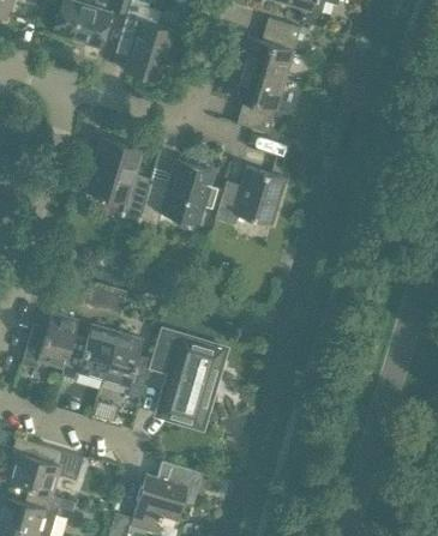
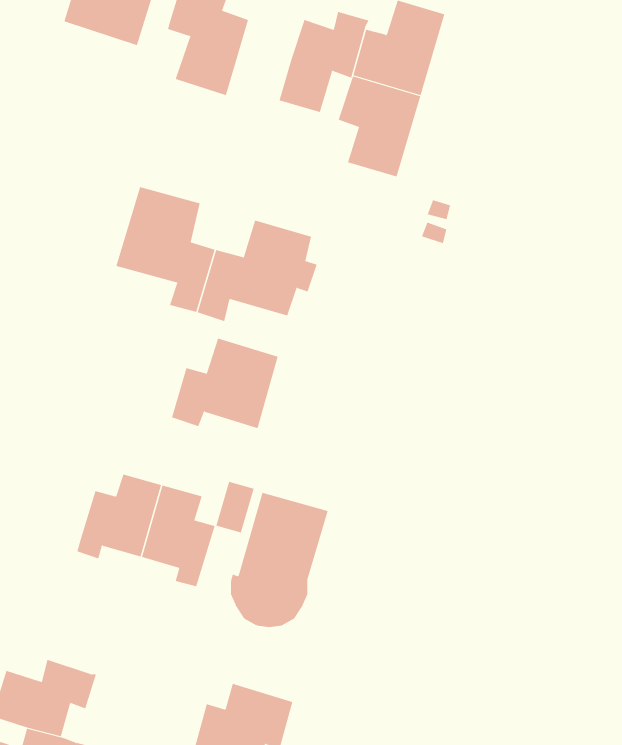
building: none -> [279,11,369,113]
building: [216,167,286,225] -> [171,338,279,429]
building: [22,313,78,368] -> none

